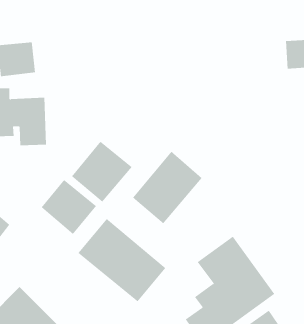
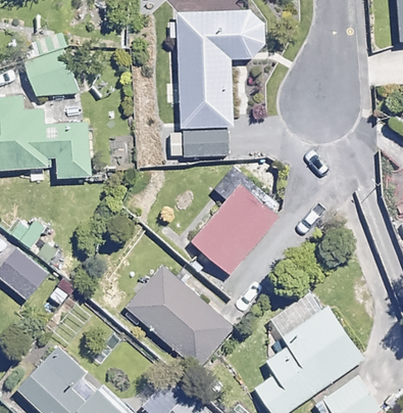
building: none -> [164,12,263,162]
building: [71,141,132,203] -> none
building: [41,179,97,235] -> none

